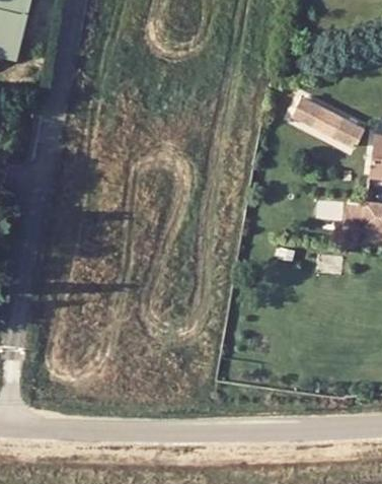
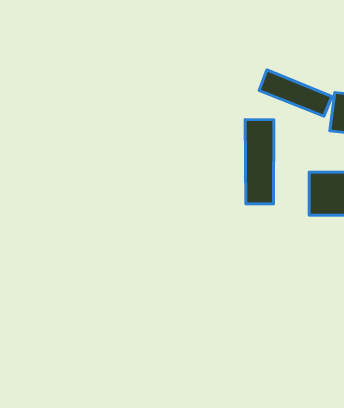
building: none -> [245,120,274,204]

